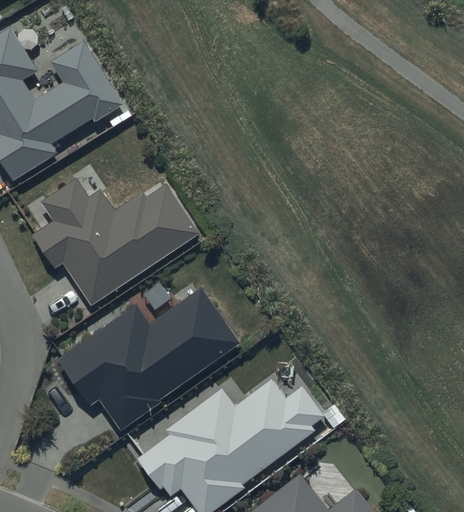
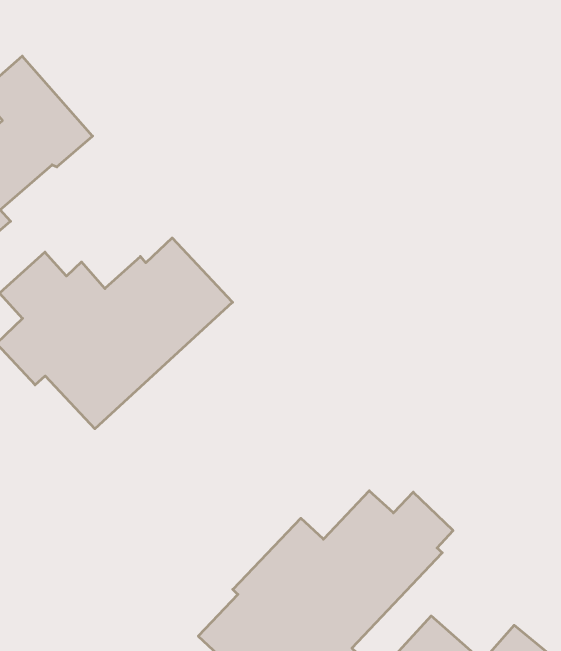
building: [58,288,240,431] -> none

